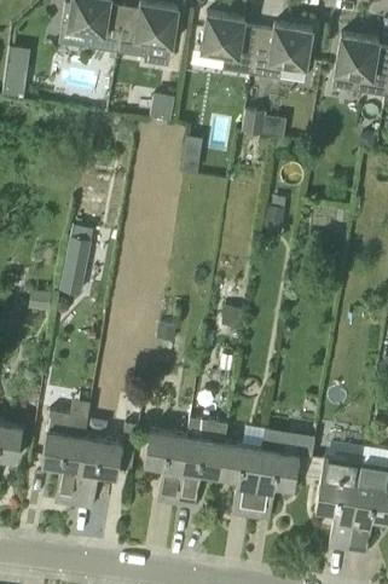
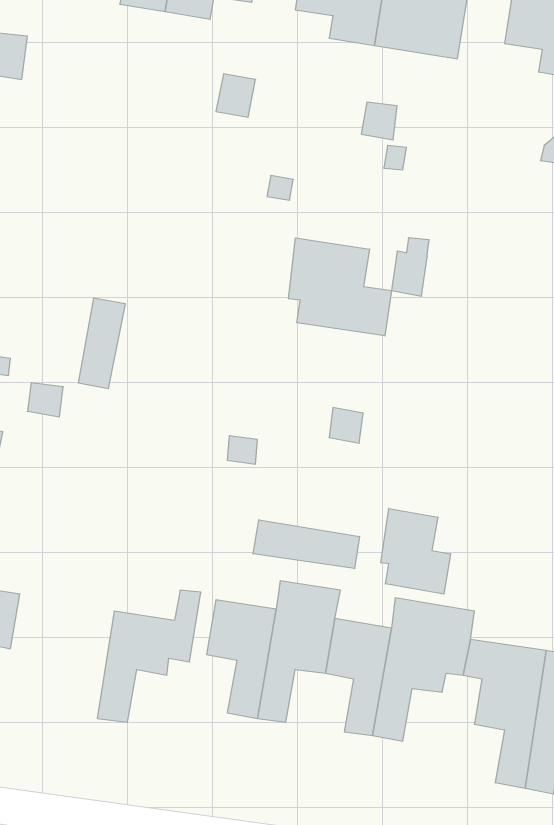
building: none -> [288,238,391,336]
building: none -> [381,508,450,594]
building: none -> [253,520,360,569]
building: [42,401,89,504] -> none

